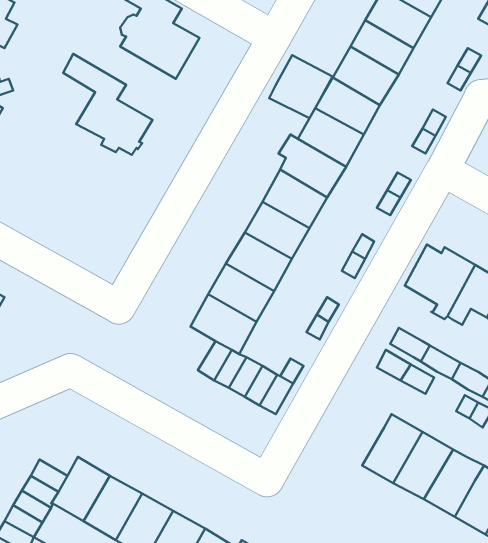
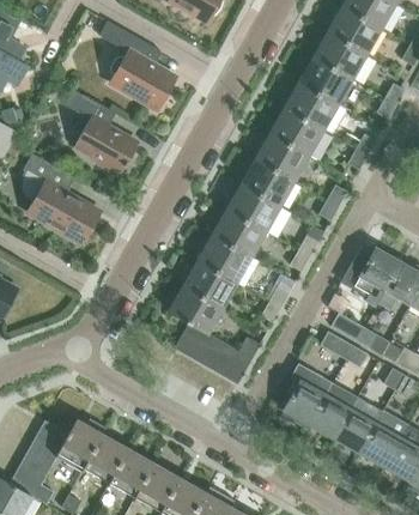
building: [269,55,332,118] -> none
building: none -> [22,153,99,242]
building: none -> [280,363,333,425]

